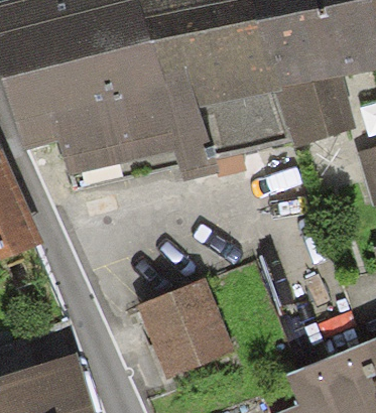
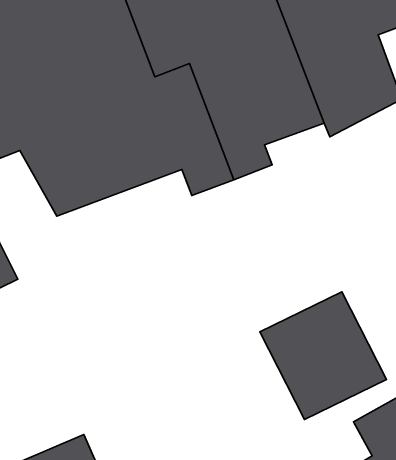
building: [138,279,232,375] -> [260,292,386,420]

